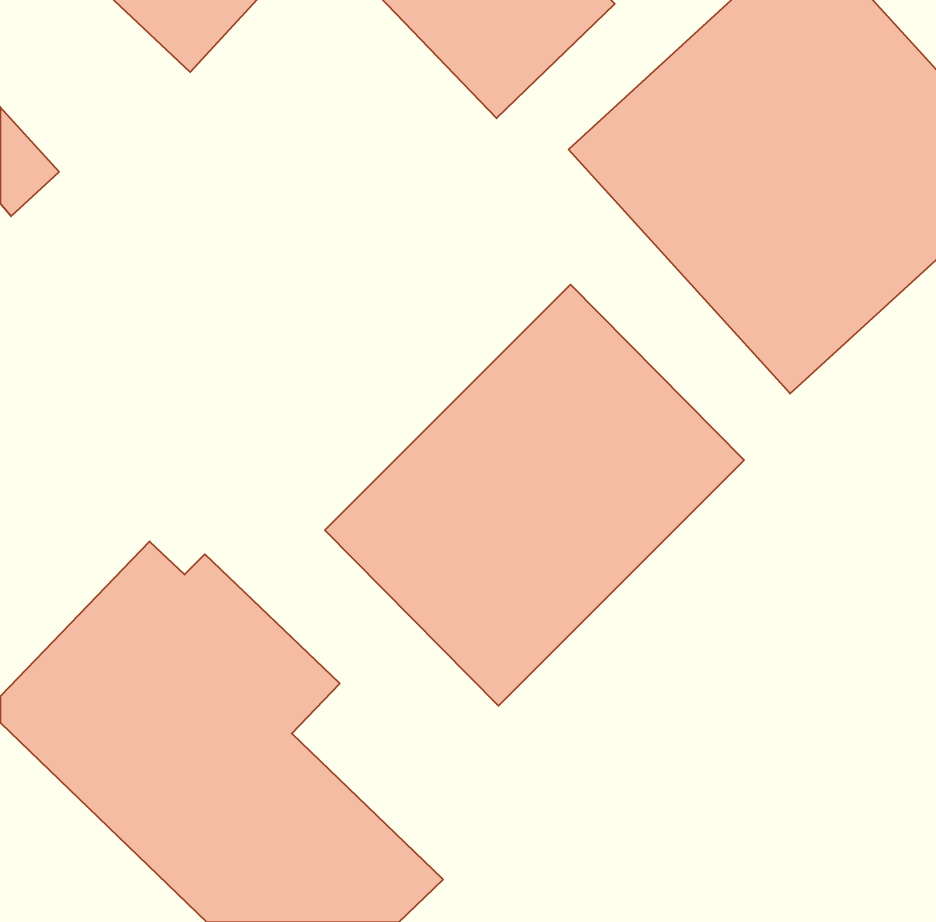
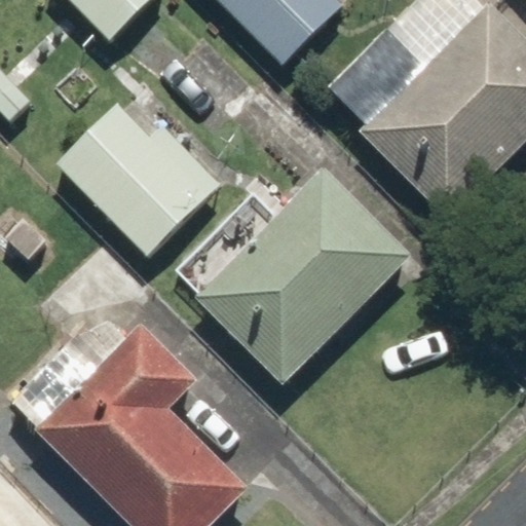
building: none -> [53,86,223,256]

